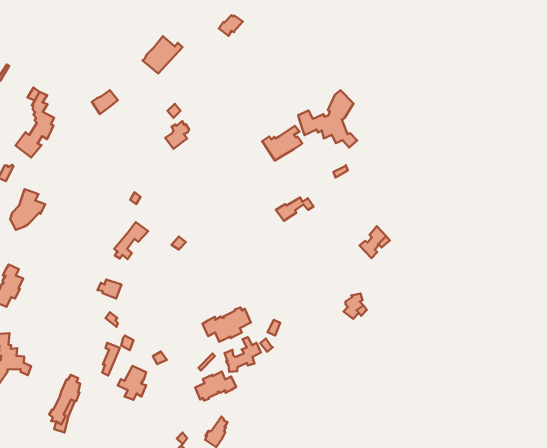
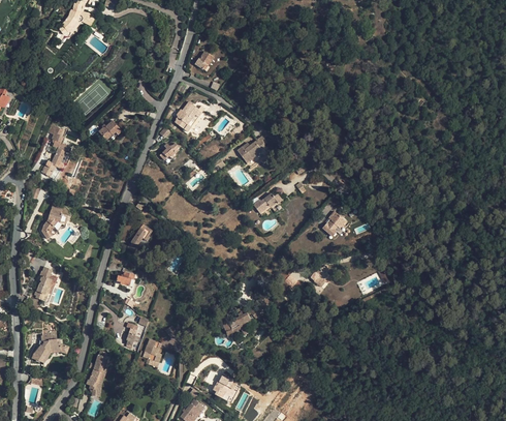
building: [142,36,183,74] -> [173,101,204,131]
building: [298,90,357,148] -> none
building: [202,307,251,342] -> none
building: [195,372,236,401] -> none

